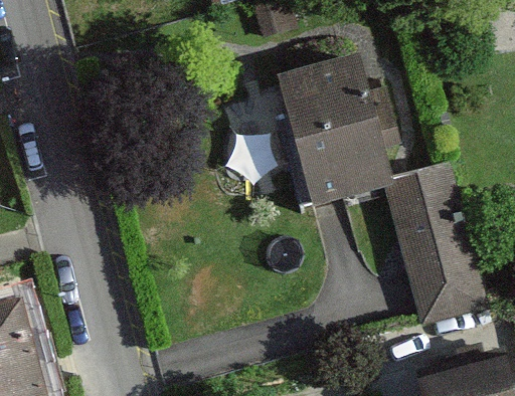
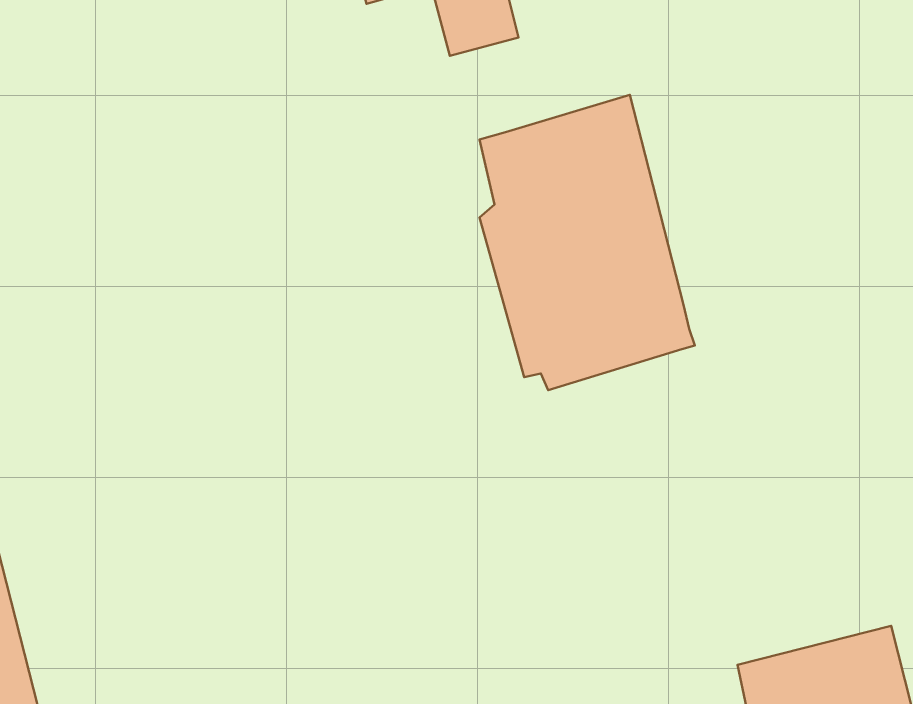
building: [387,160,484,314] -> none

